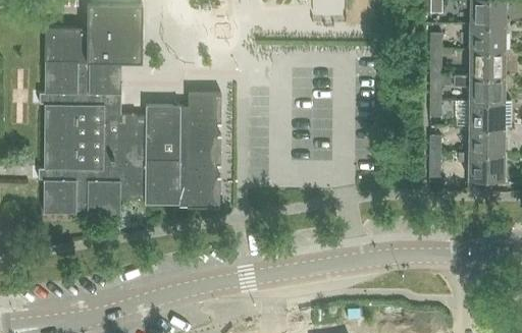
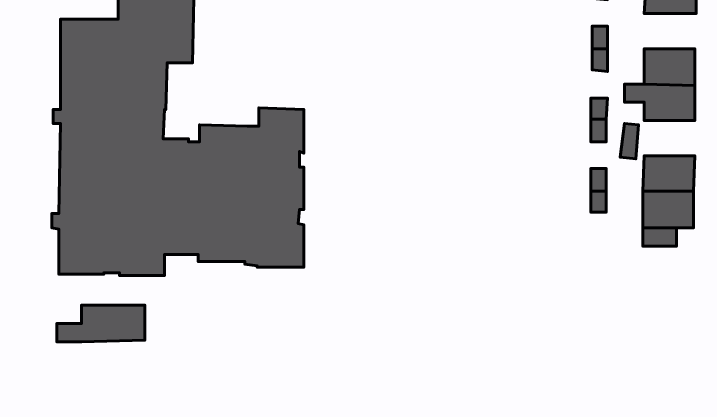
building: [468,24,506,50] -> none
building: [468,102,509,127] -> none
building: none -> [57,305,145,342]

